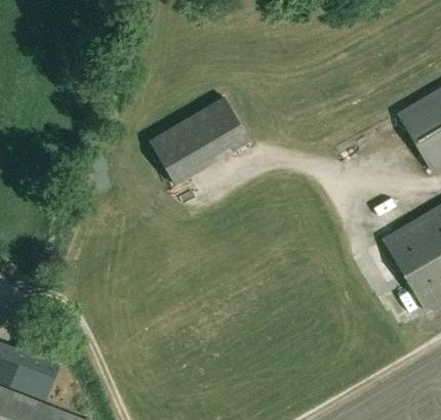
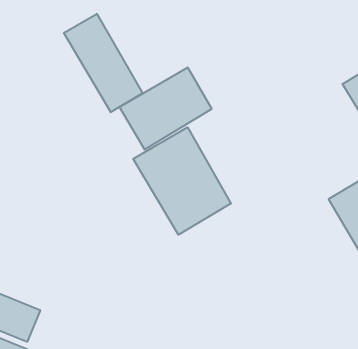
building: none -> [64,14,143,112]
building: none -> [133,127,231,235]

